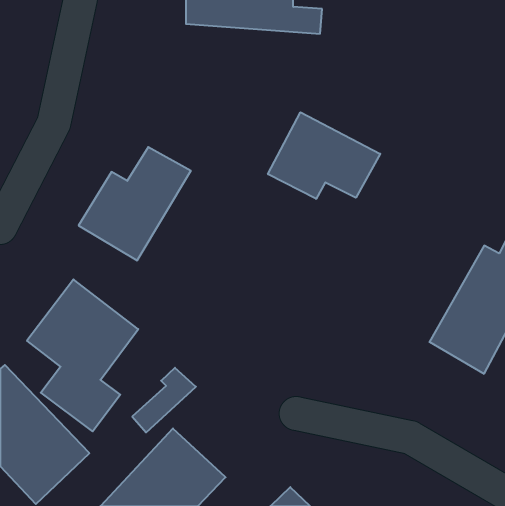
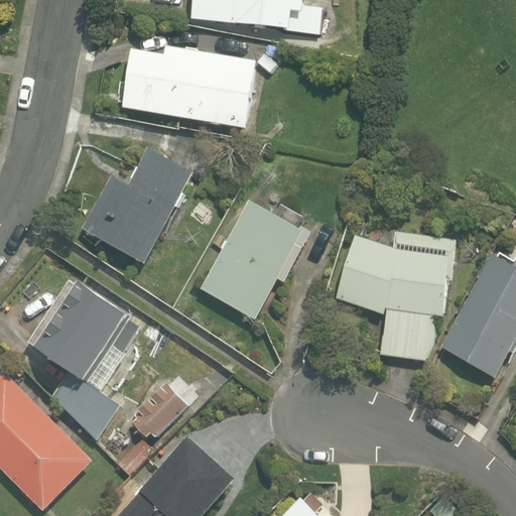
building: none -> [117,44,254,127]
building: [268,112,380,199] -> none
building: none -> [198,198,309,322]
building: none -> [330,233,458,359]

